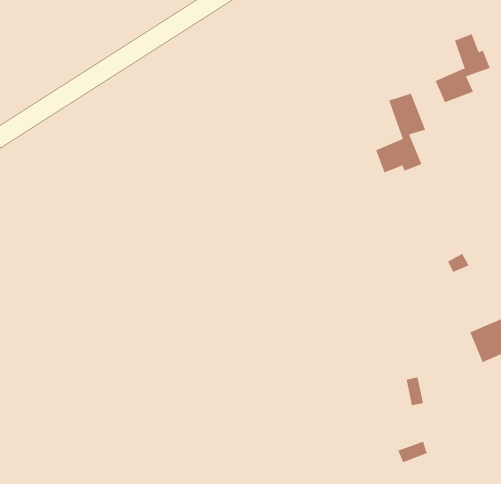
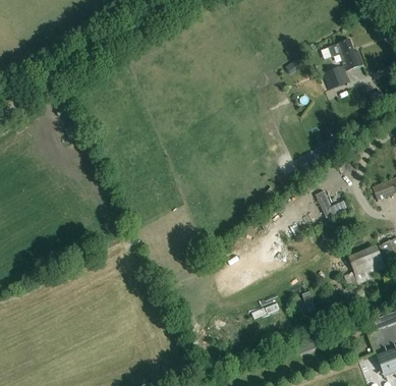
building: [375,93,426,173] -> none

